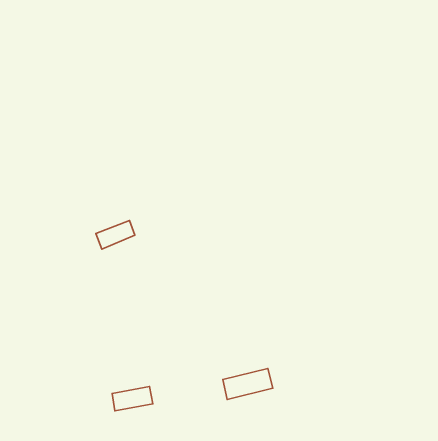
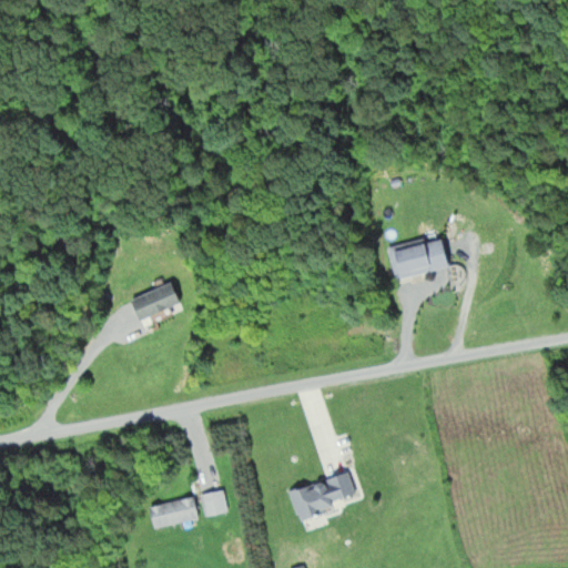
building: none -> [389,236,449,280]
building: none -> [201,489,229,517]

